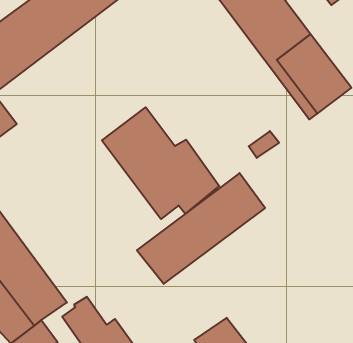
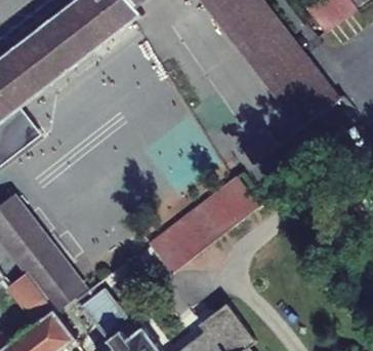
building: [102,107,219,219] -> none

